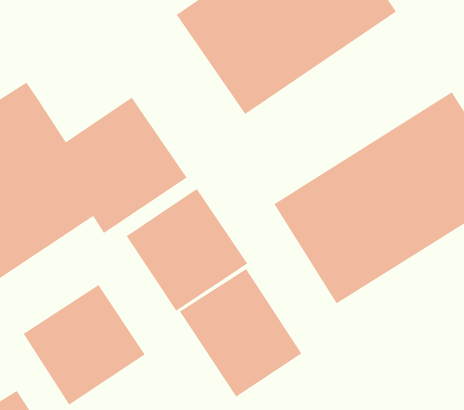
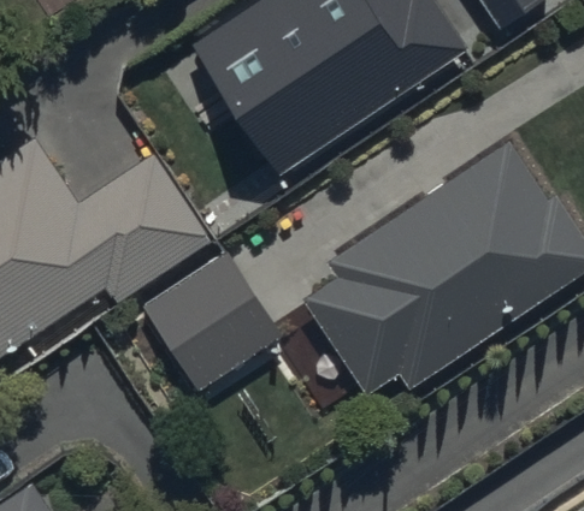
building: [179,268,302,397] -> none
building: [23,284,145,405] -> none

